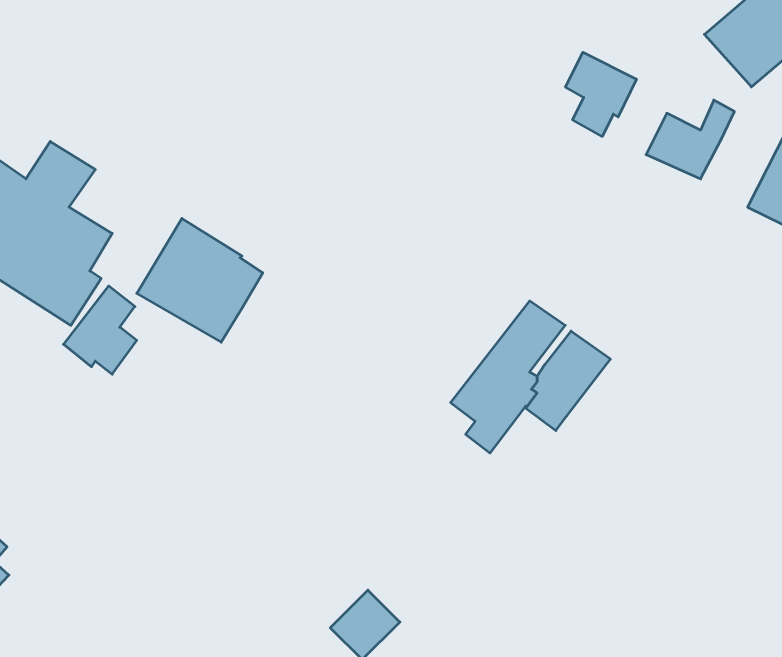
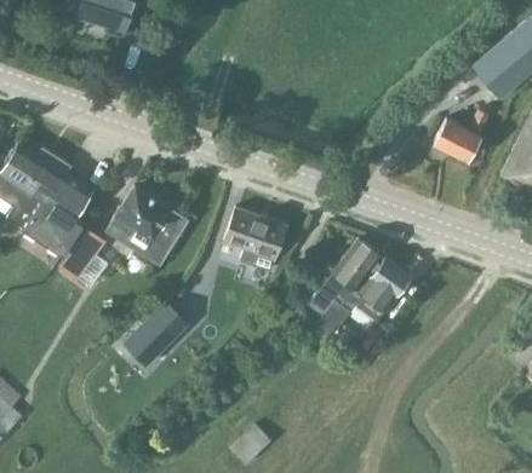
building: [566,52,636,136] -> none
building: none -> [223,206,286,271]
building: none -> [122,304,188,368]

